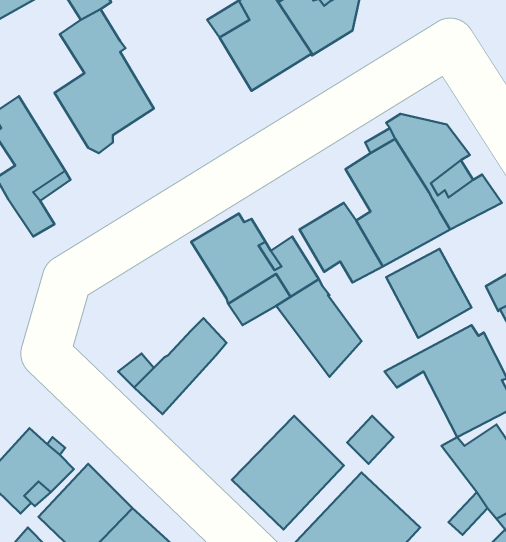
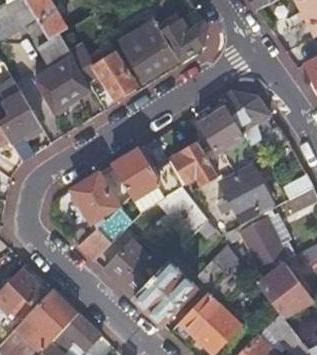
building: none -> [70,42,136,97]
building: none -> [70,170,118,227]
building: none -> [104,240,171,296]

